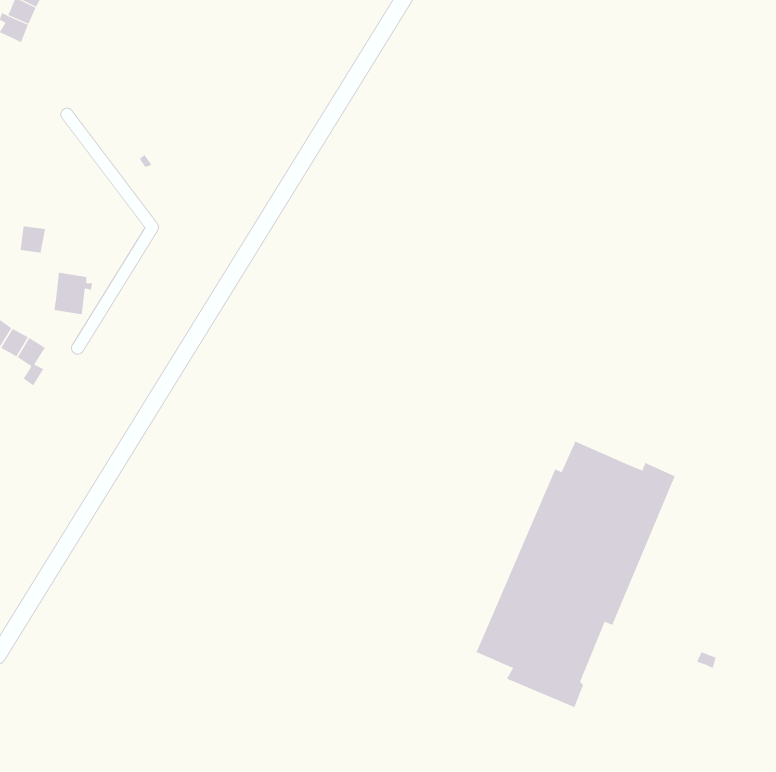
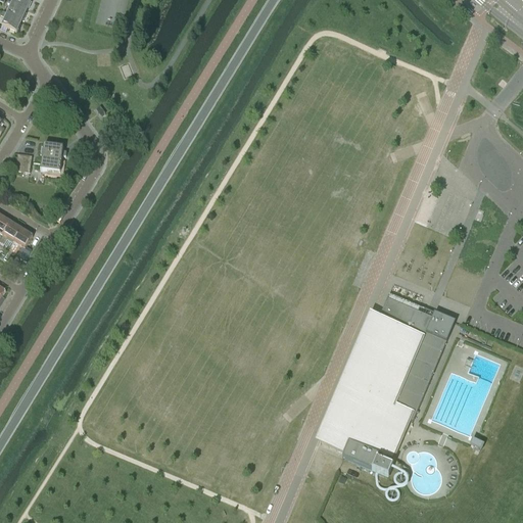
building: [54,272,93,315] -> [38,142,64,171]

